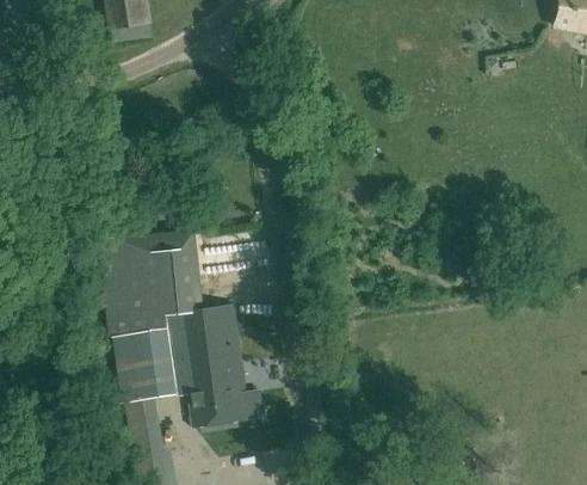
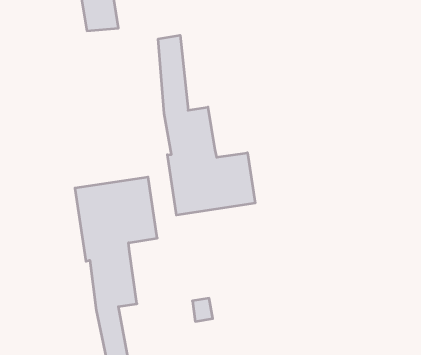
building: none -> [158,35,255,215]
building: [167,305,247,429] -> none

